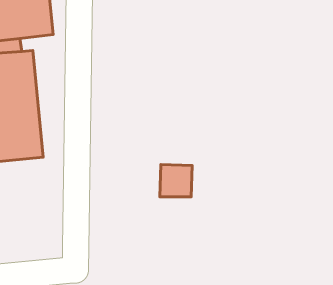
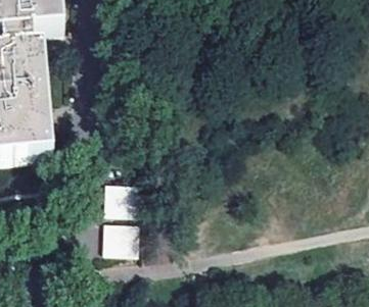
building: [160,165,192,197] -> [103,187,136,219]
building: none -> [102,226,135,259]

